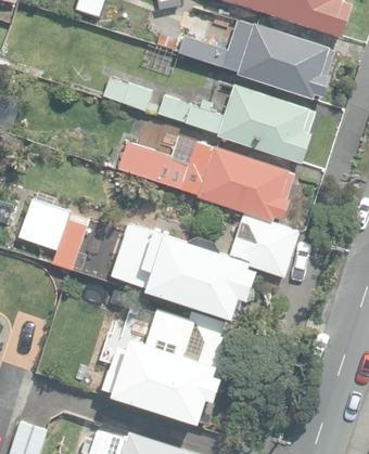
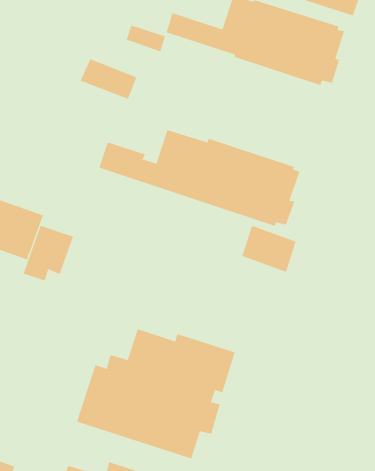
building: [157,83,314,163] -> none
building: [111,223,256,317] -> none

